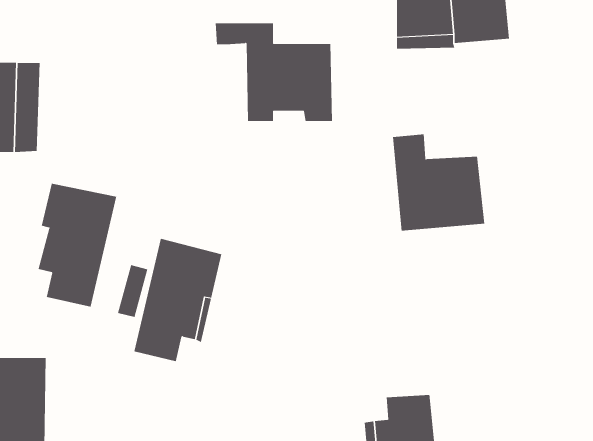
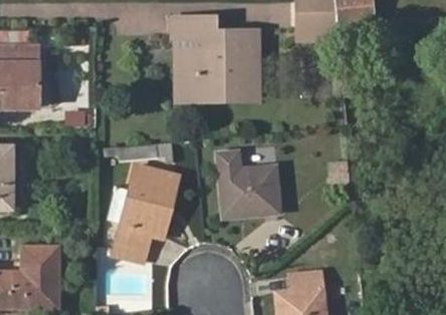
building: none -> [182,34,255,98]
building: [392,134,485,231] -> [216,151,279,218]
building: [38,183,117,308] -> none

